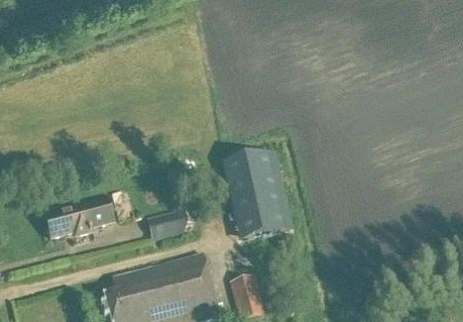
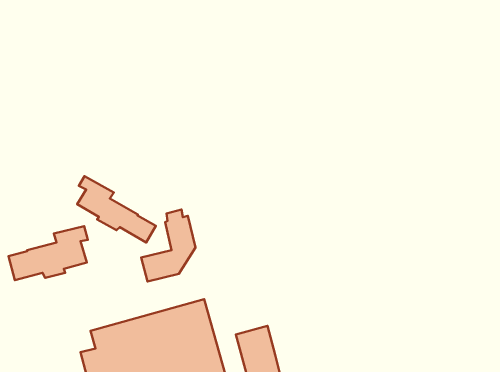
building: [224,153,284,236] -> none
building: none -> [77,176,156,243]

